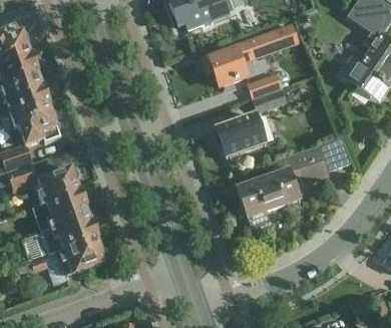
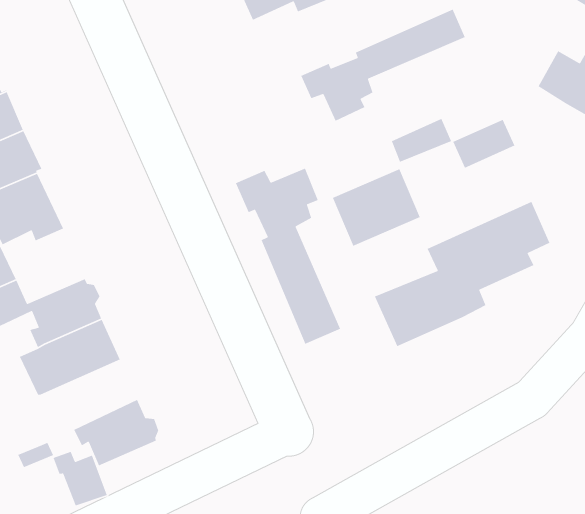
building: [247,71,283,98] -> [452,119,516,169]
building: none -> [235,167,341,345]
building: [42,213,97,254] -> none

